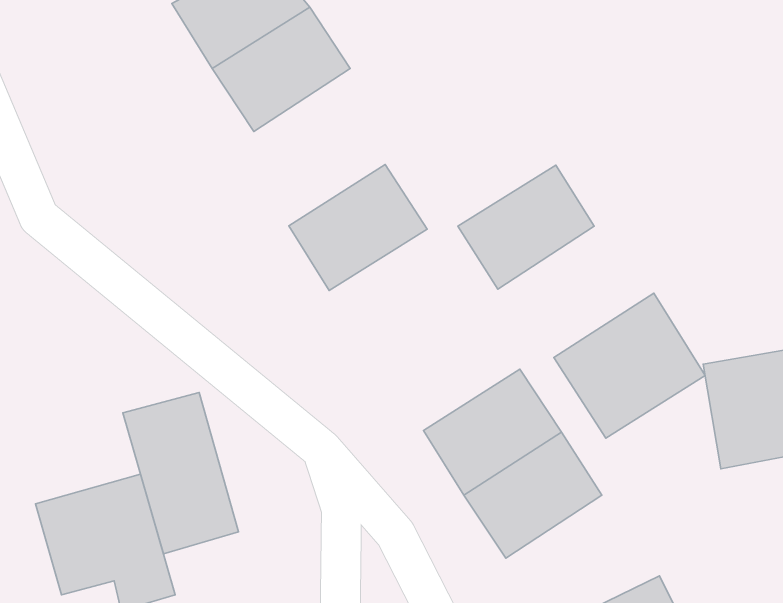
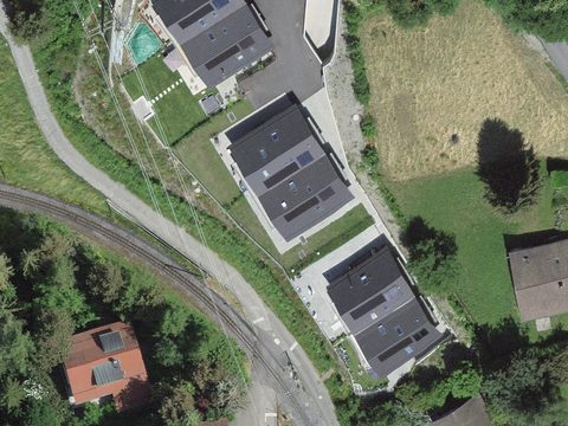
building: [458,165,594,289] -> [258,156,350,240]
building: [554,293,705,438] -> none
building: [123,393,238,554] -> none

